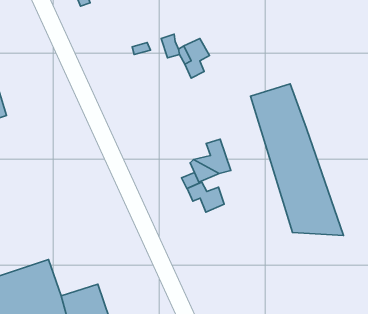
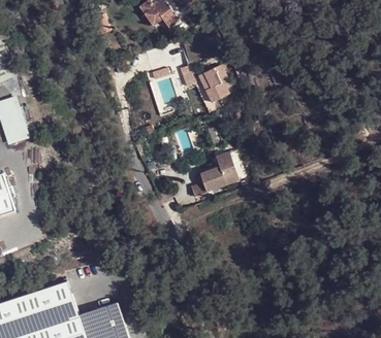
building: [251,84,343,235] -> none
building: [187,182,224,212] -> none

